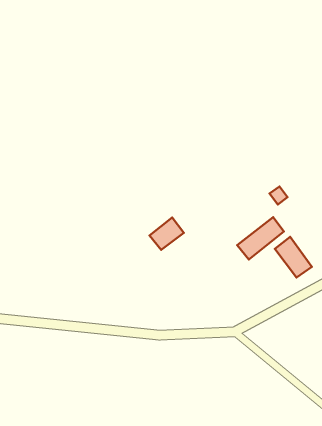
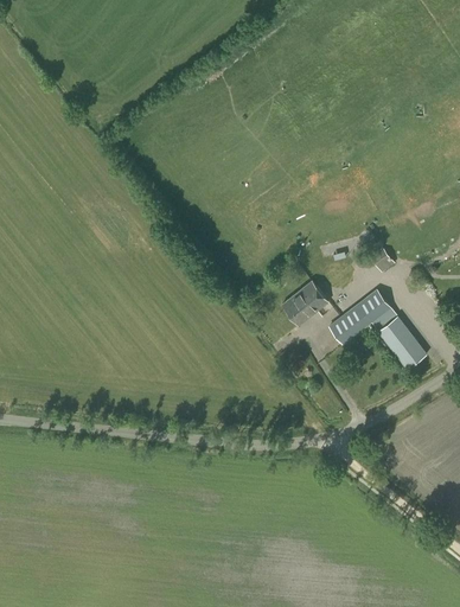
building: [149,217,184,250] -> [283,281,328,324]

